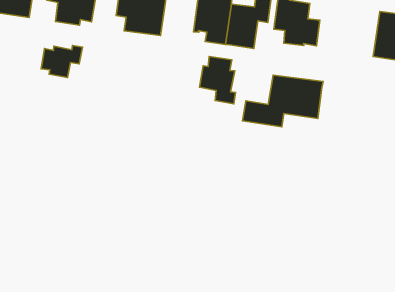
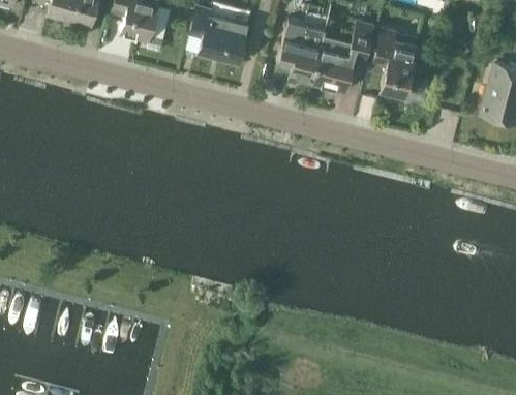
building: [41,46,82,78] -> none
building: [199,56,235,104] -> none
building: [242,75,323,127] -> none

